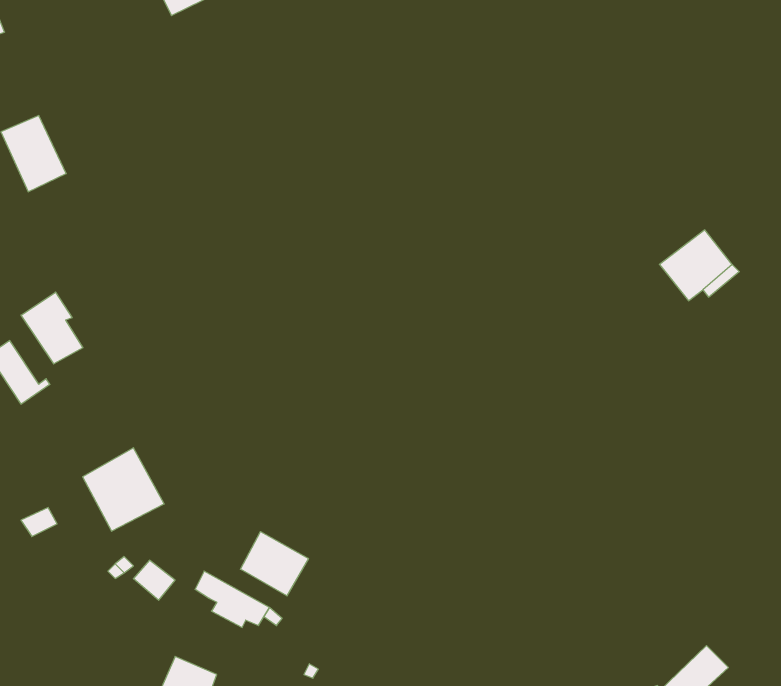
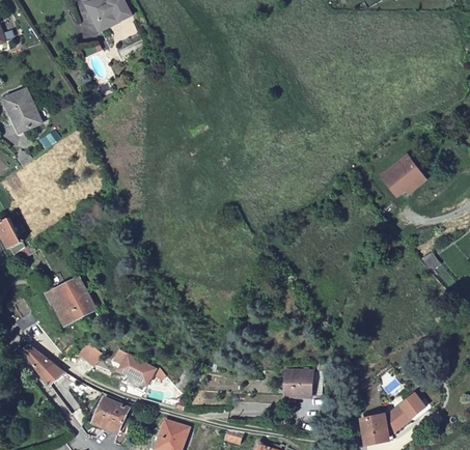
building: [21,292,83,364] -> none
building: [240,532,308,596] -> none
building: none -> [24,345,64,385]
building: none -> [281,372,311,398]

